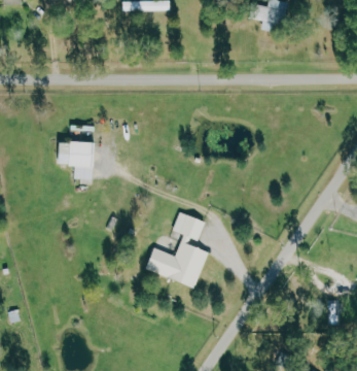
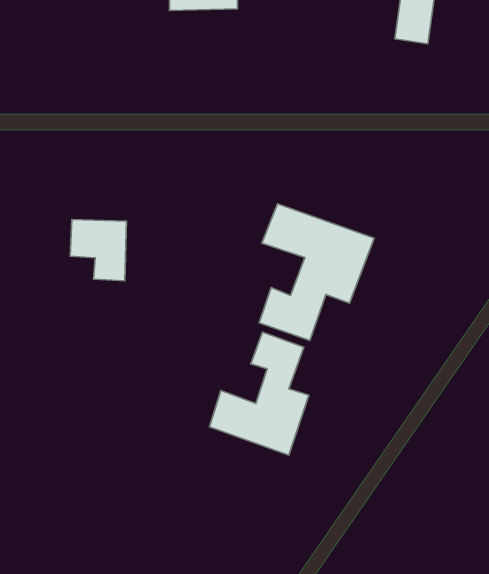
building: none -> [259,204,374,340]

